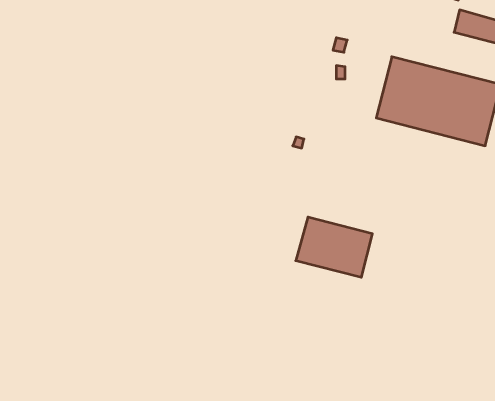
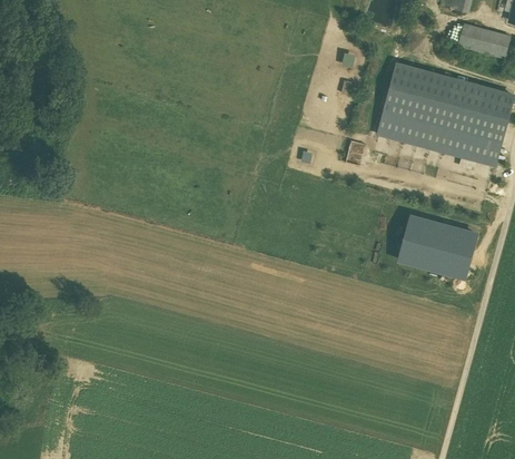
building: [296,217,372,277] -> [398,216,475,276]

